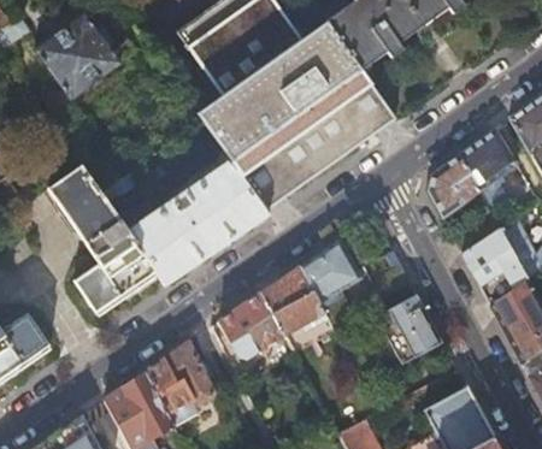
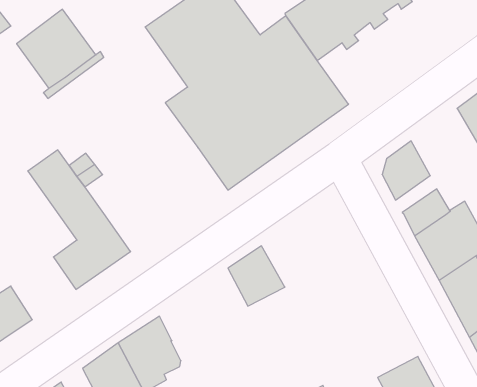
building: [460,130,518,193] -> none
building: [129,163,267,286] -> none
building: [299,241,361,305] -> none
building: [219,293,285,359] -> none
building: [383,295,443,365] -> none

